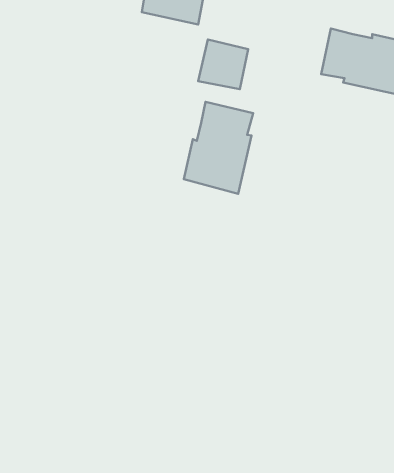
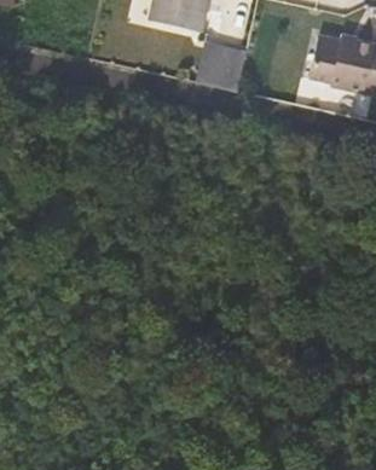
building: [184,102,253,194] -> none

